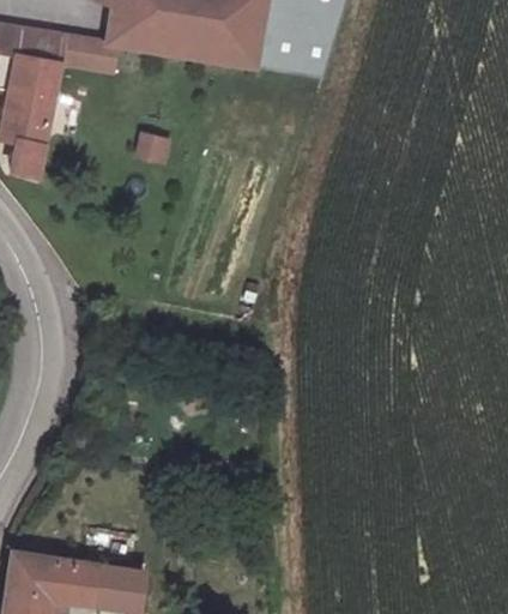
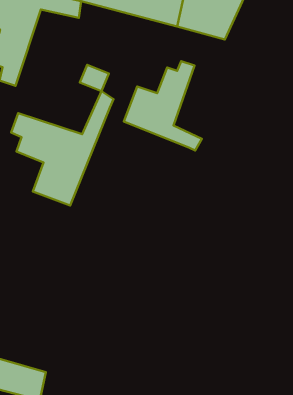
building: none -> [124,61,202,150]
building: none -> [11,91,113,206]

